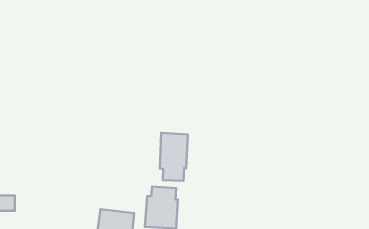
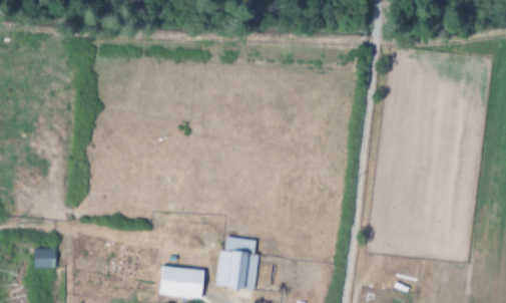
building: [160,133,188,181] -> none

